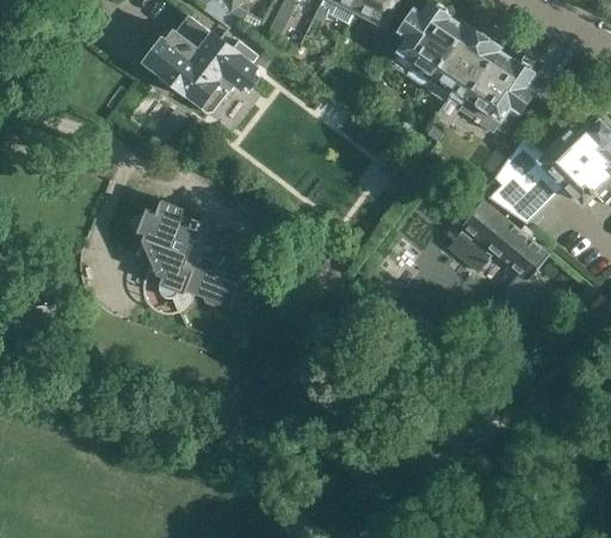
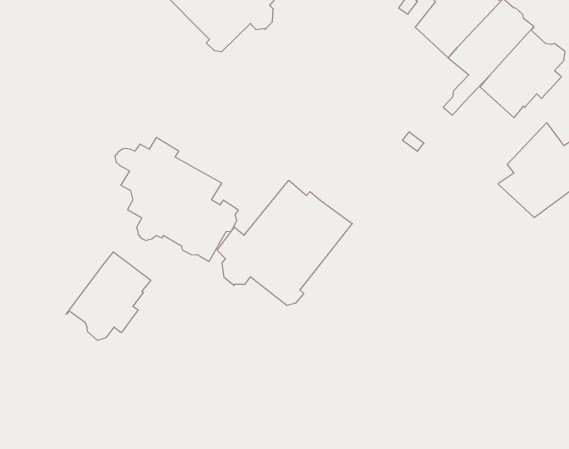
building: [448,199,549,324] -> none
building: none -> [217,180,352,306]
building: none -> [66,252,151,340]

